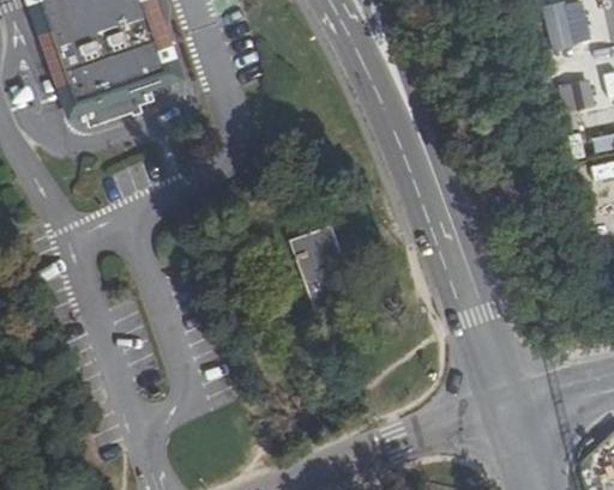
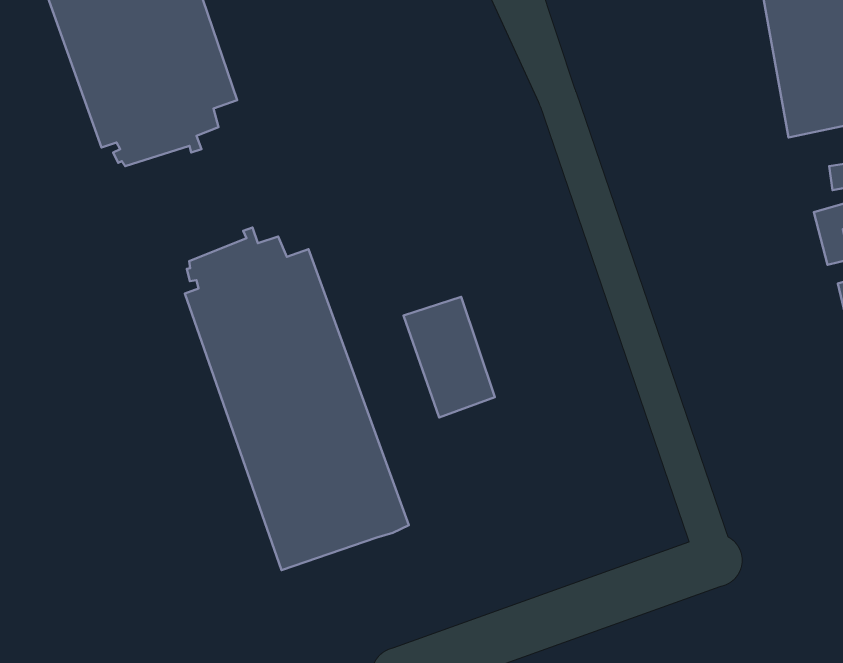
building: none -> [185,227,409,570]

